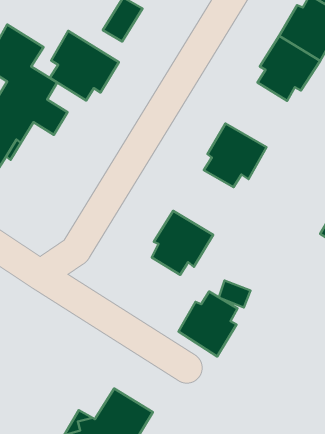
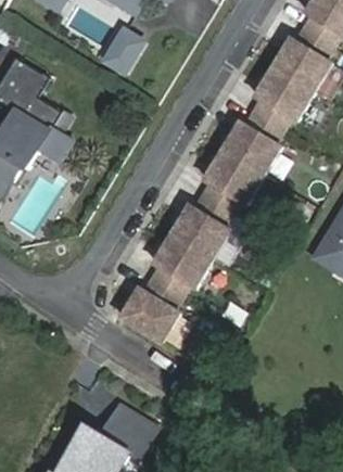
building: [50,31,119,101] -> none
building: none -> [223,111,281,173]
building: none -> [173,194,230,256]
building: [178,292,237,356] -> [123,278,179,340]

